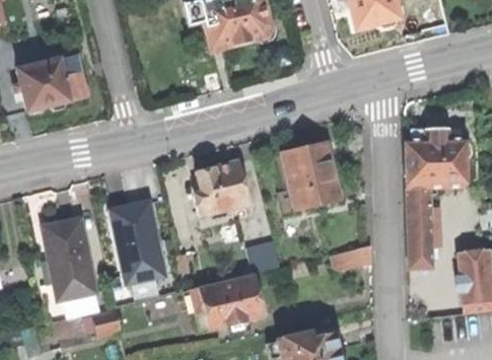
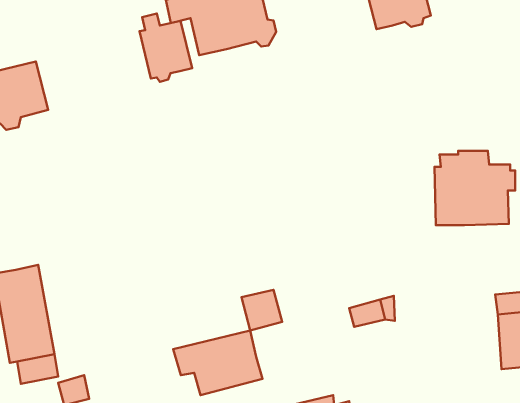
building: none -> [139,13,192,82]
building: [282,141,335,209] -> none
building: [196,161,249,215] -> none
building: [406,188,431,268] -> none
building: [113,203,164,282] -> none

